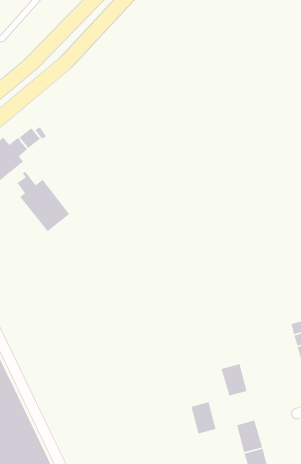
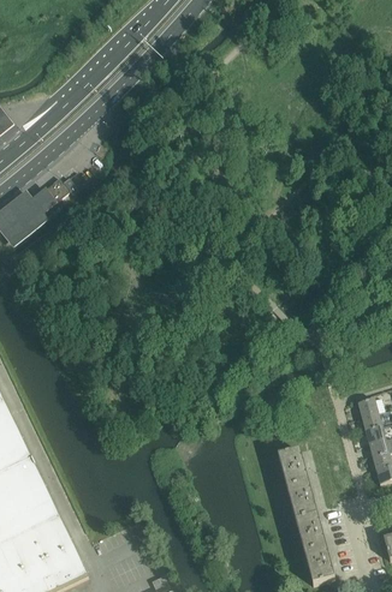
building: [16,171,70,232] -> none
building: [190,401,217,435] -> [286,479,316,518]

